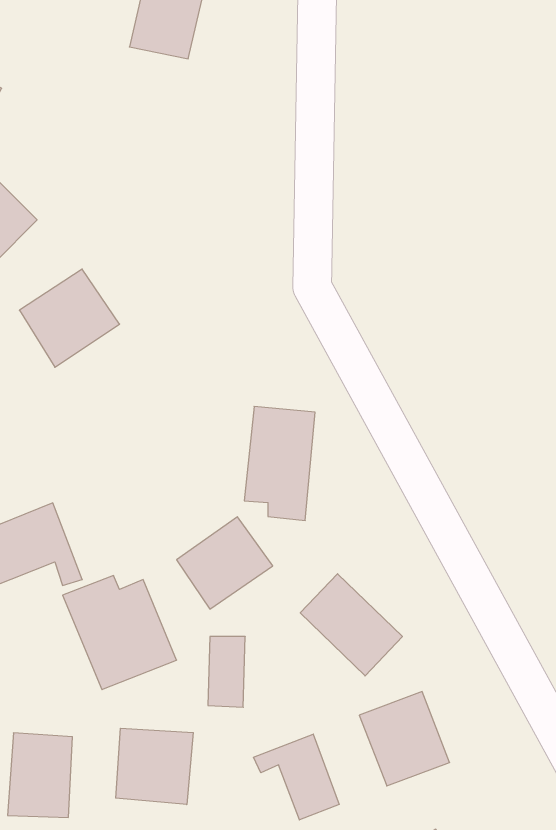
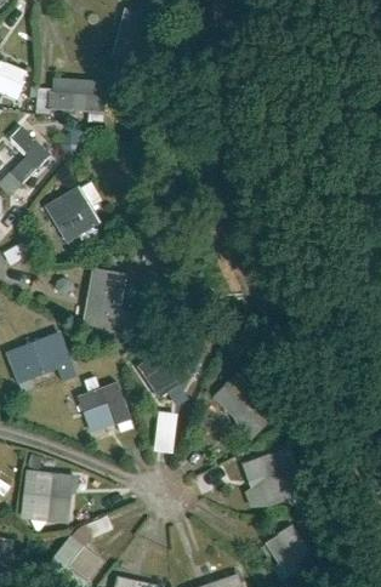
building: none -> [51,74,109,119]
building: [244,406,315,520] -> [81,268,125,338]
building: [116,728,193,805] -> none
building: [254,734,339,820] -> none

